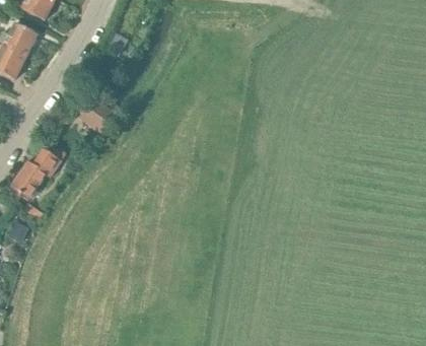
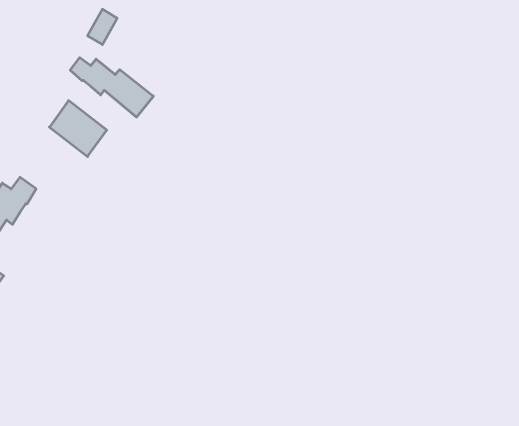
building: none -> [70,58,153,117]

